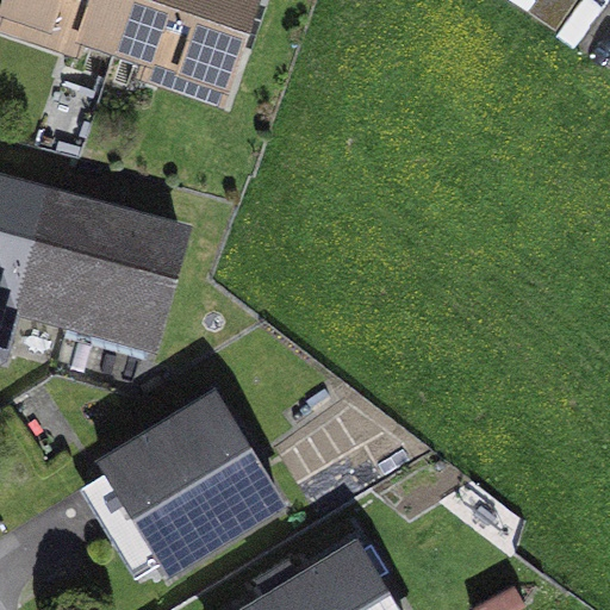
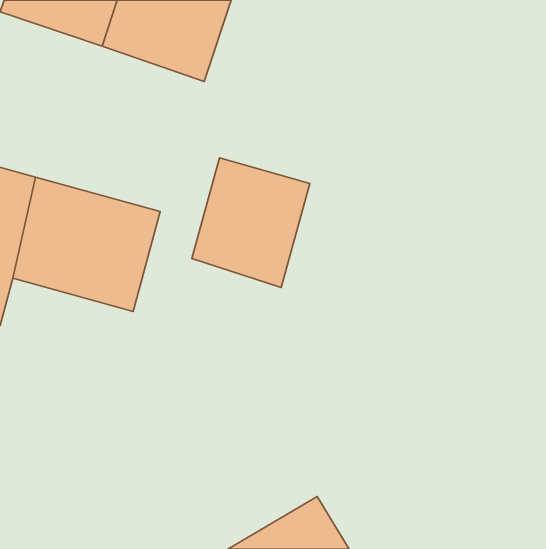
building: none -> [192,158,310,288]
building: [105,400,275,571] -> none

